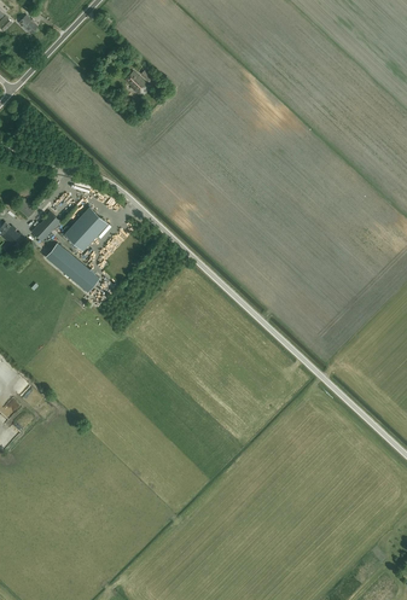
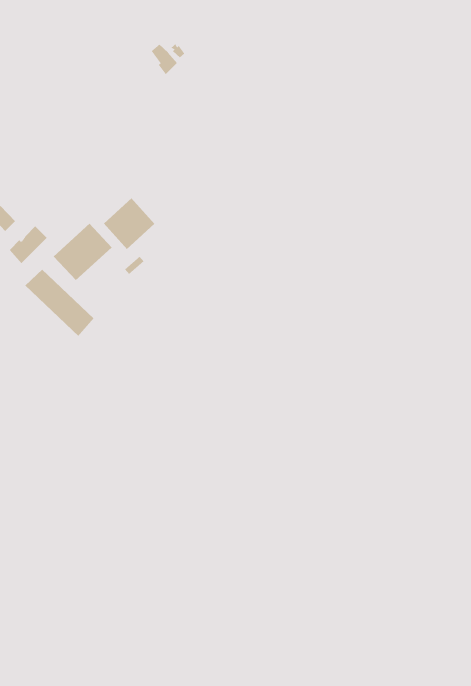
building: none -> [103,198,155,250]

